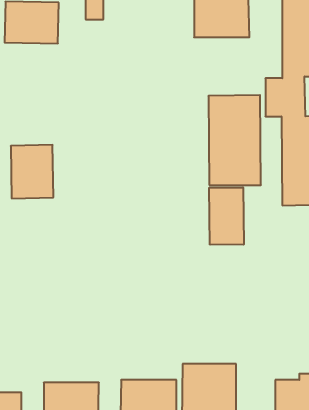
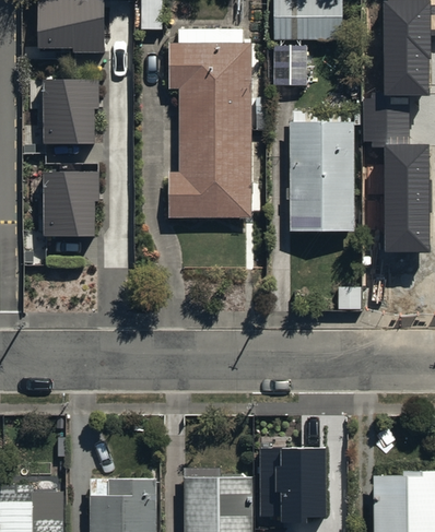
building: none -> [167,26,251,214]
building: none -> [47,88,101,152]
building: [209,187,244,245] -> none

